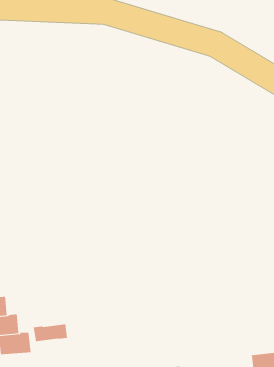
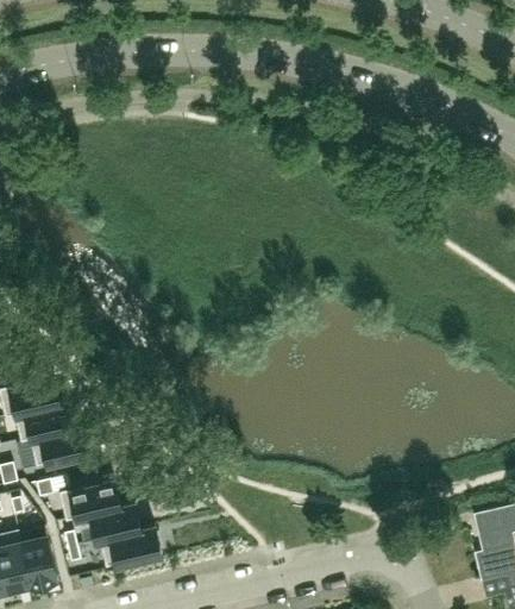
building: [33,323,67,342] -> none

